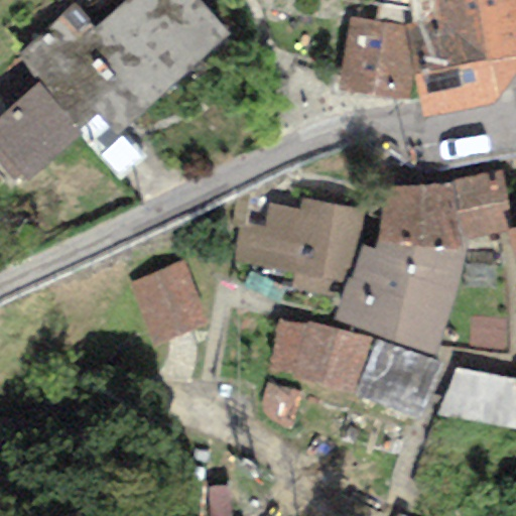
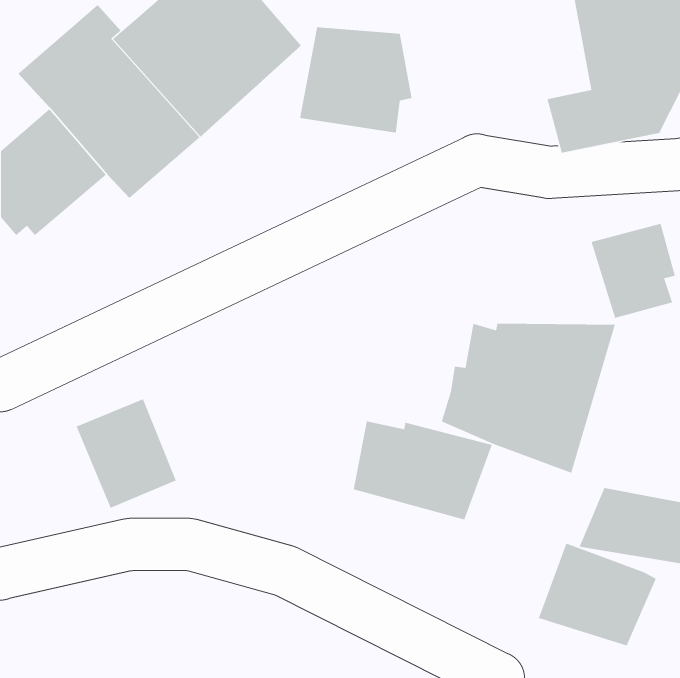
building: [338,18,423,99] -> [299,27,413,133]
building: [377,182,467,245] -> none
building: [235,198,366,295] -> none
building: [131,260,208,344] -> [75,398,177,509]
building: [353,336,442,414] -> [538,543,657,647]

